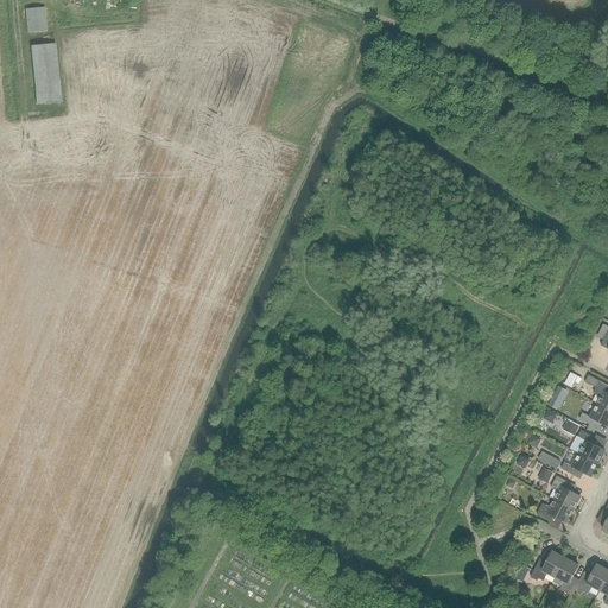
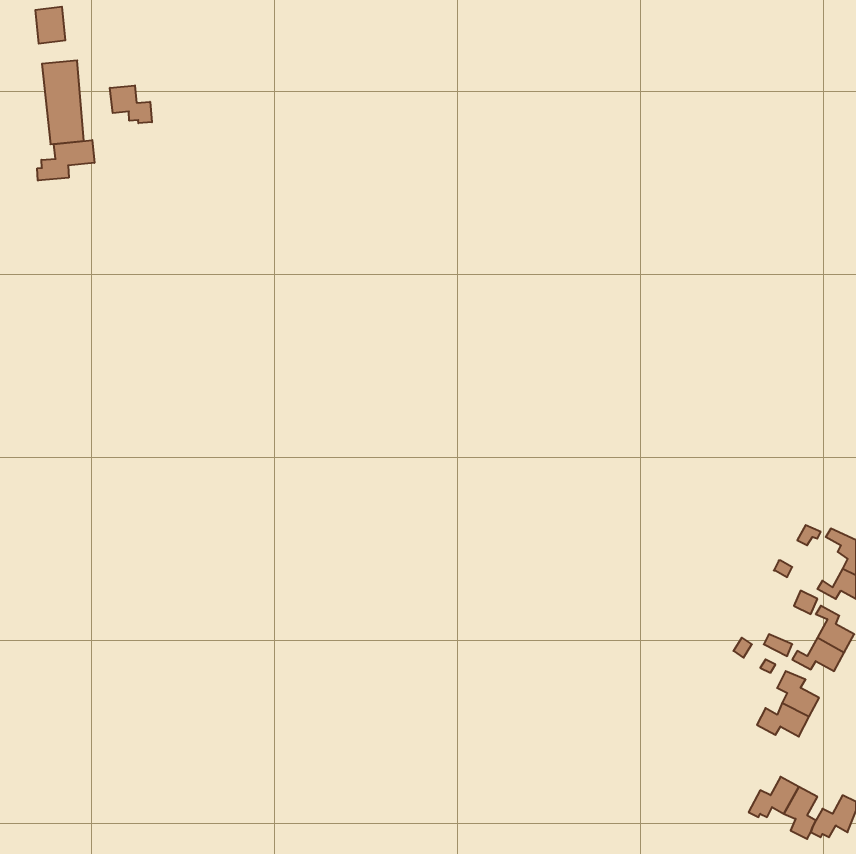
building: none -> [110,85,152,123]
building: none -> [37,140,94,181]

